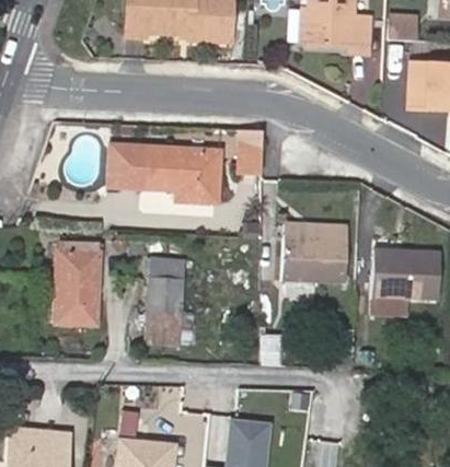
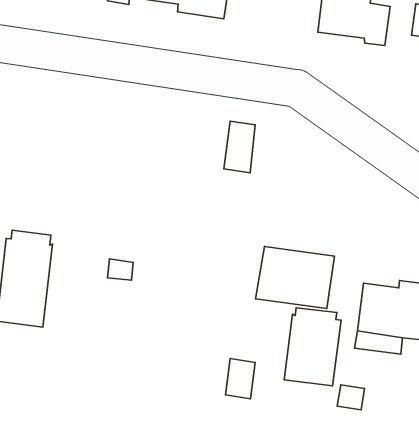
building: [109,145,219,201] -> none
building: [148,280,180,346] -> none
building: none -> [284,308,341,386]

